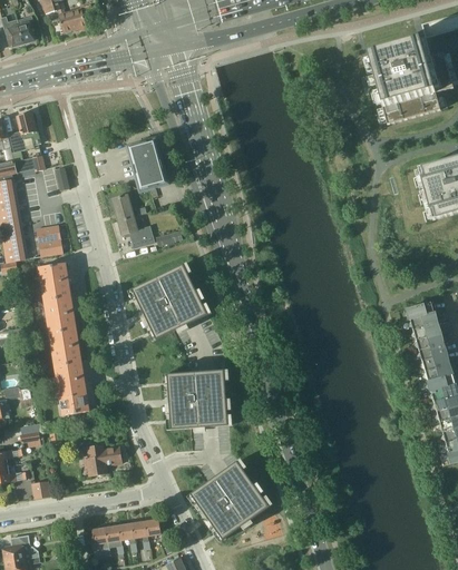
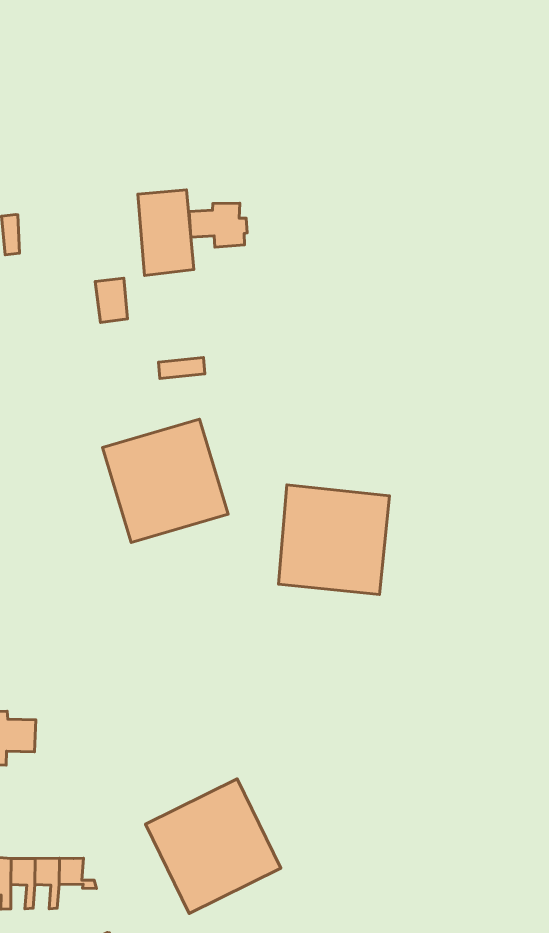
building: none -> [189,203,247,247]
building: [119,215,153,247] -> none
building: [166,370,227,429] -> [279,485,390,595]

